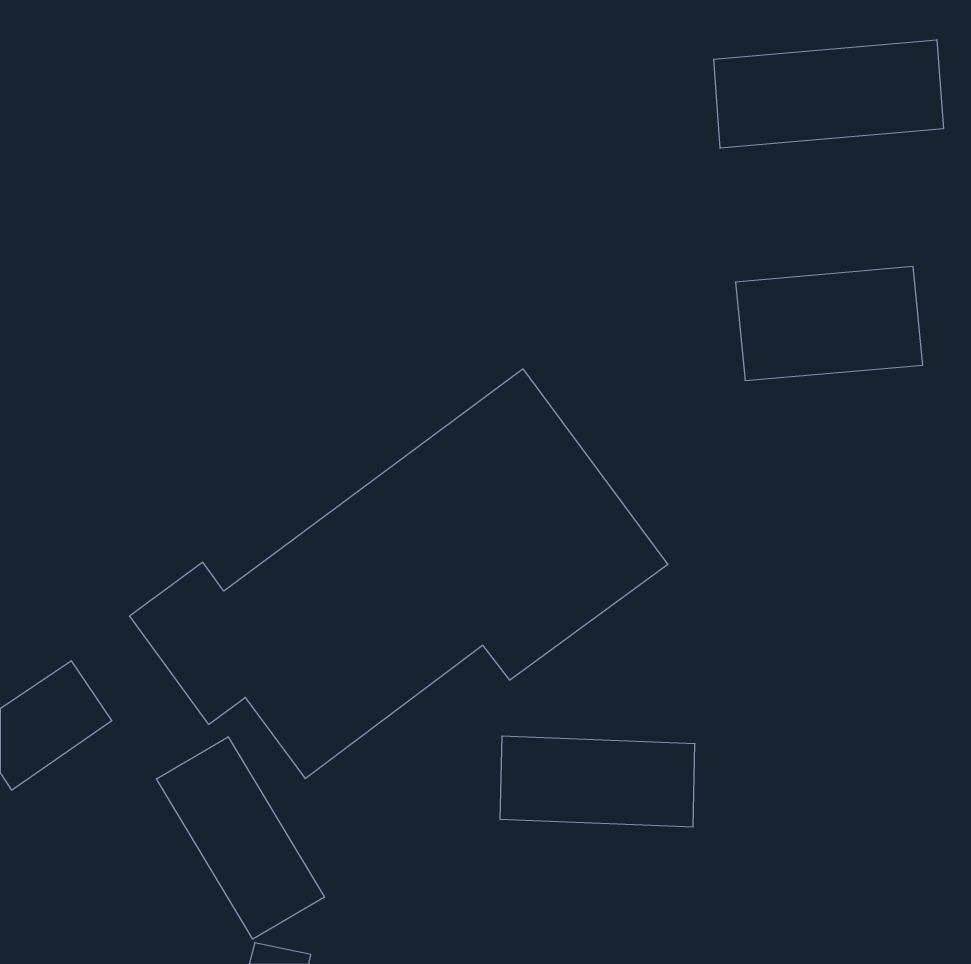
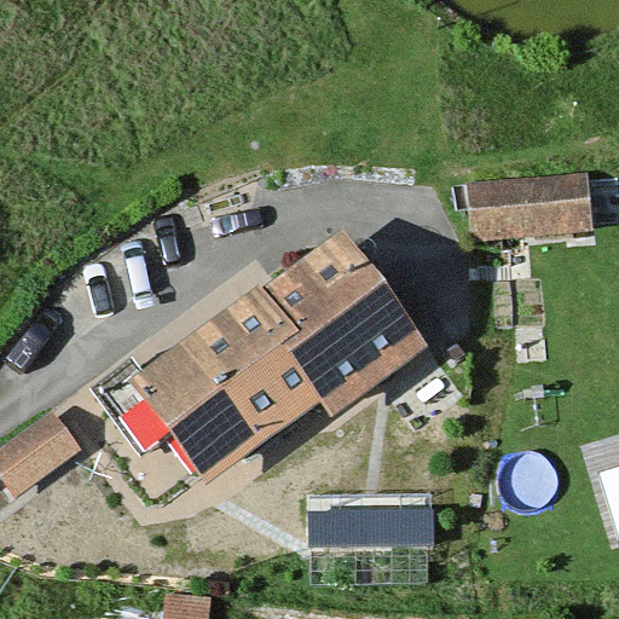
building: [714,40,943,148] -> none
building: [156,737,325,939] -> none

